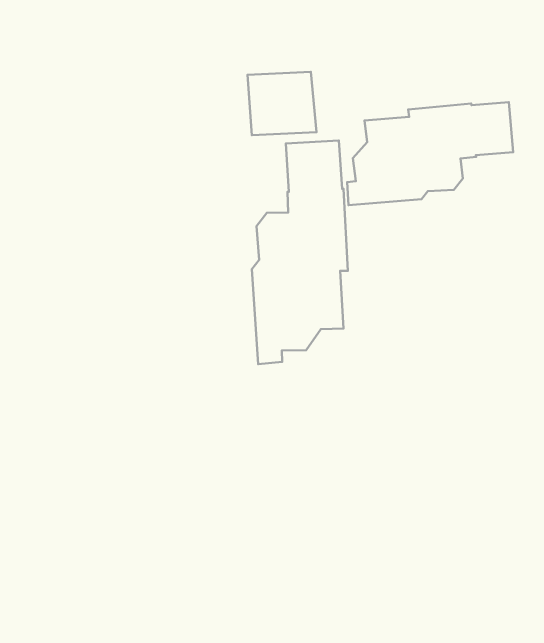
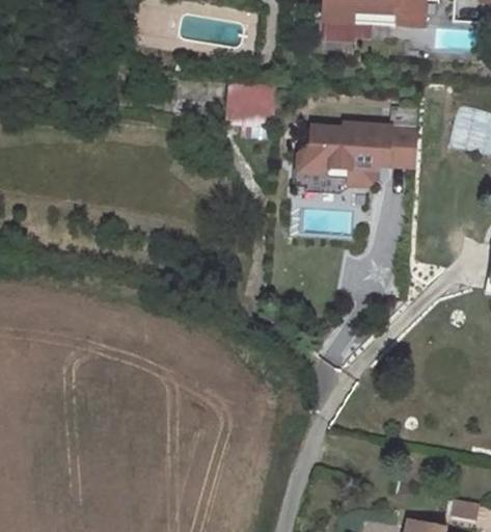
building: [252,140,348,364] -> none

